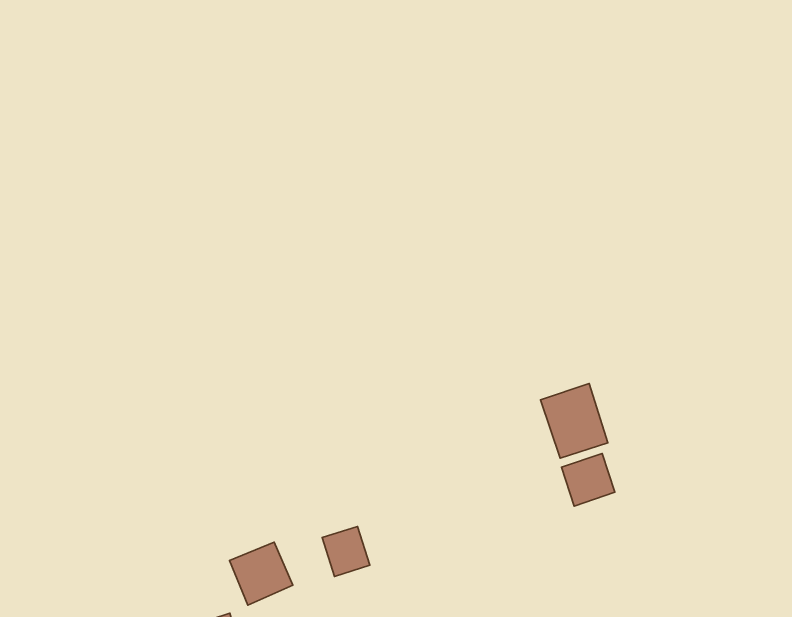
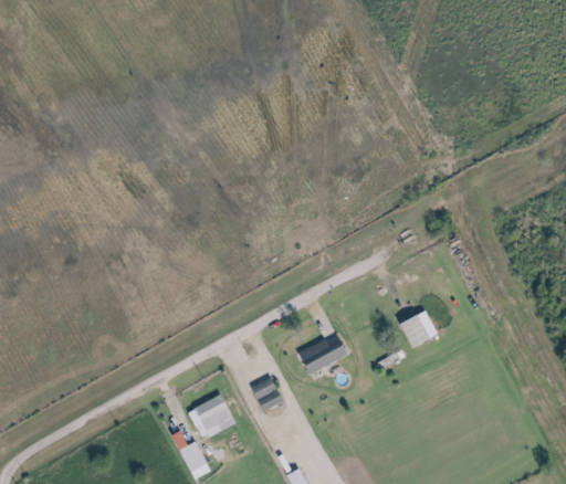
building: [540,383,608,458] -> none
building: none -> [297,335,349,373]

